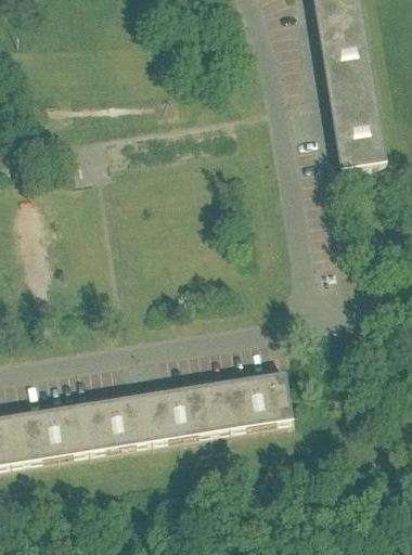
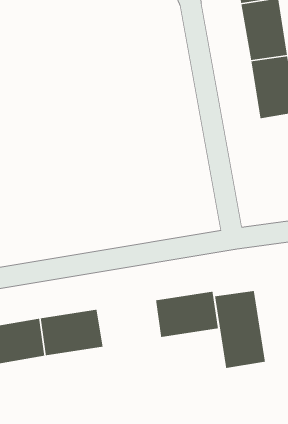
building: none -> [214,290,266,369]
building: [147,383,223,439] -> none

